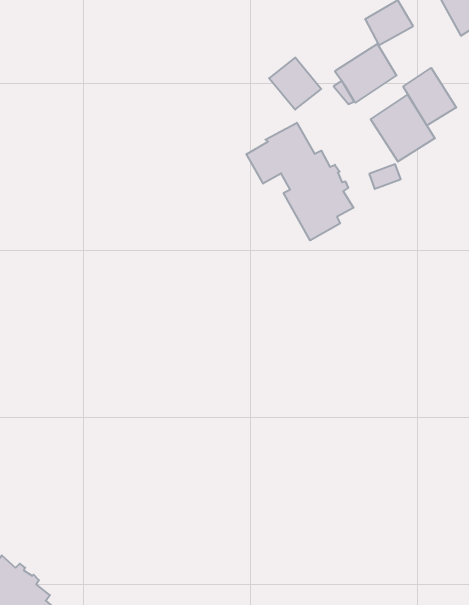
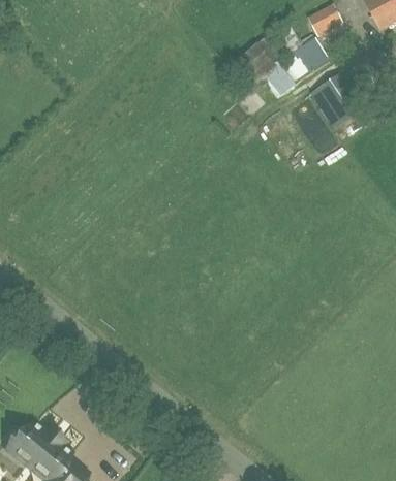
building: [403,68,456,125] -> none
building: [246,123,353,240] -> none

